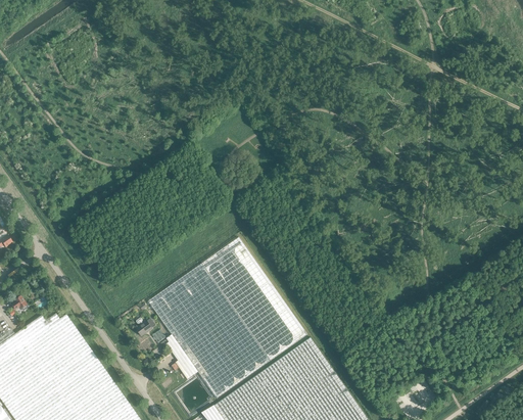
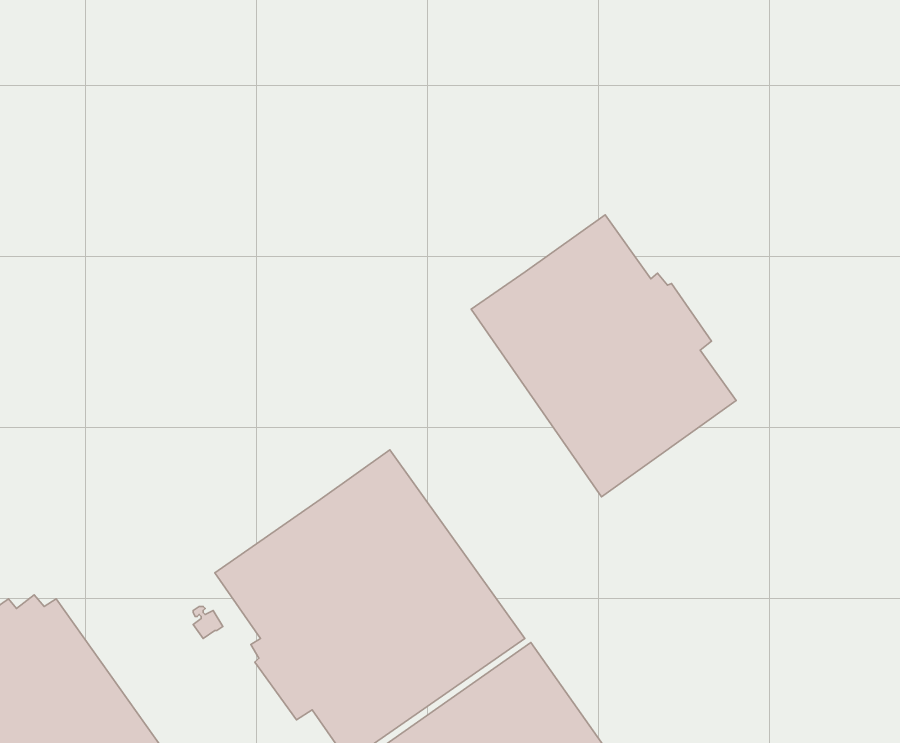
building: none -> [471,215,736,497]

